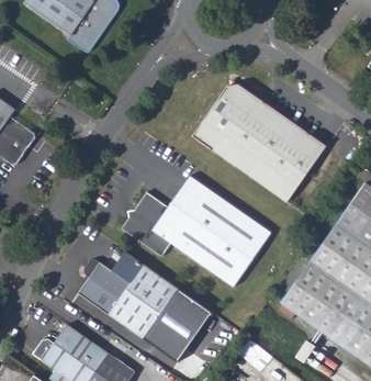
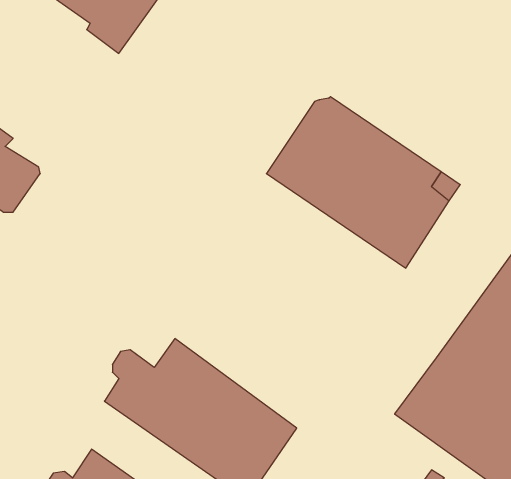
building: [122,178,271,288] -> none

